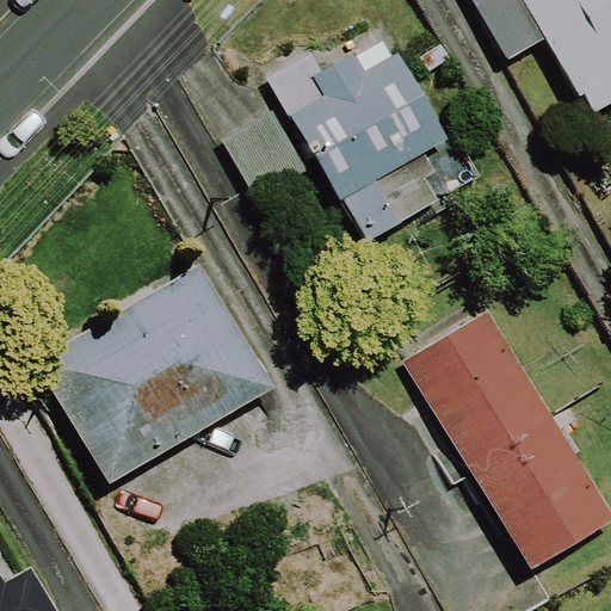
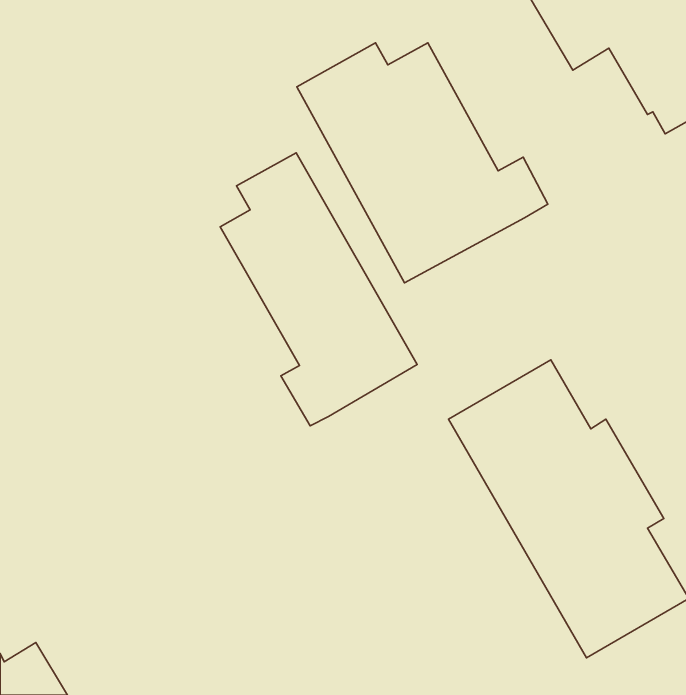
building: none -> [220,153,417,426]
building: [36,266,272,483] -> none

